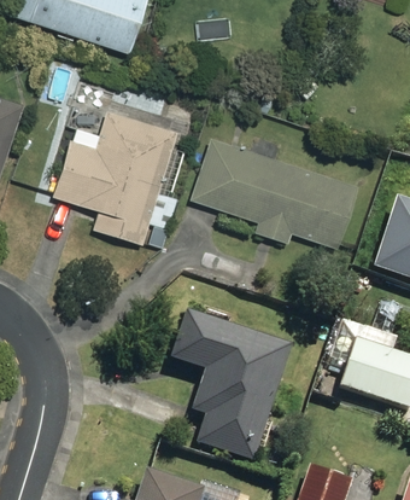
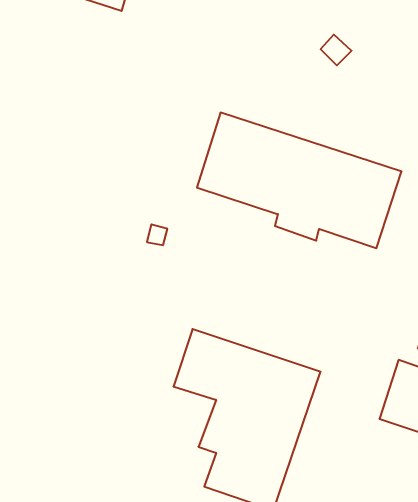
building: [54,105,178,239] -> none

